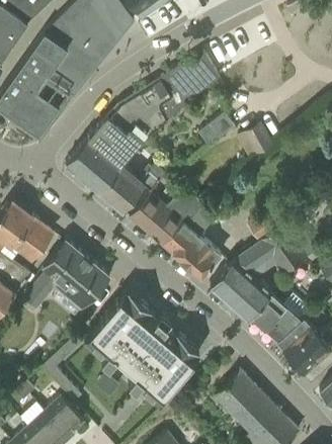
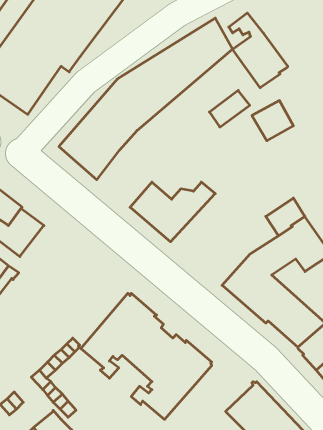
building: none -> [229,13,288,88]
building: [99,165,165,211] -> none
building: [164,205,220,278] -> none
building: [24,241,109,309] -> none

